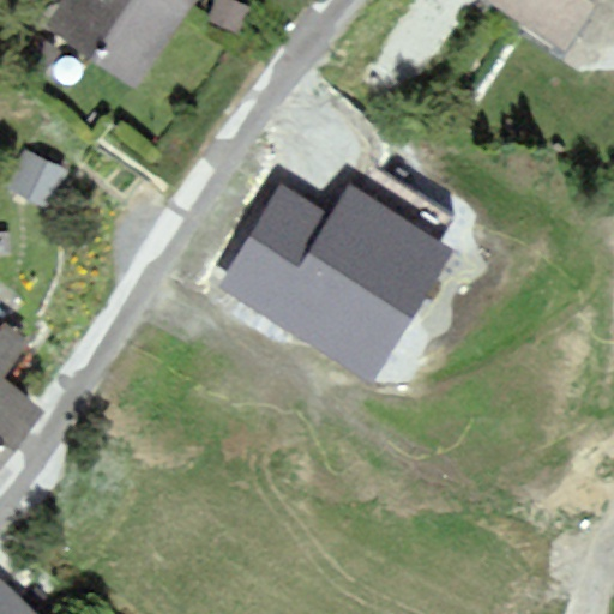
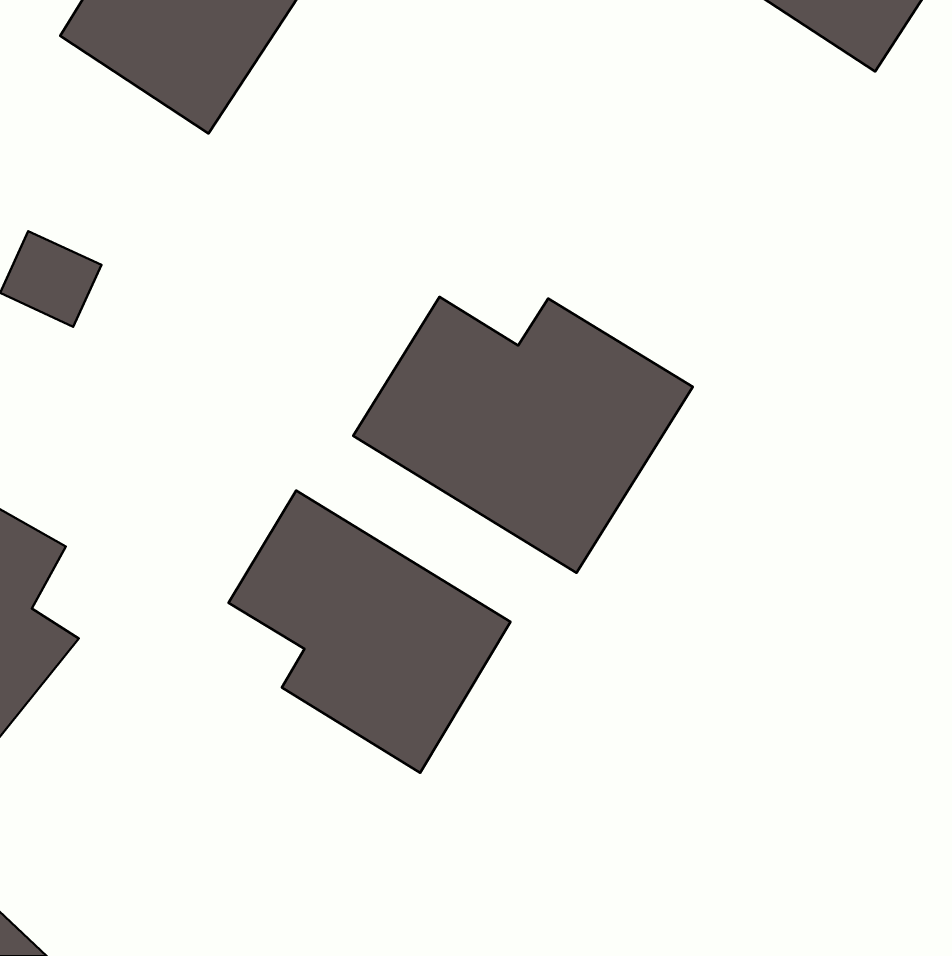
building: none -> [229,490,510,773]

